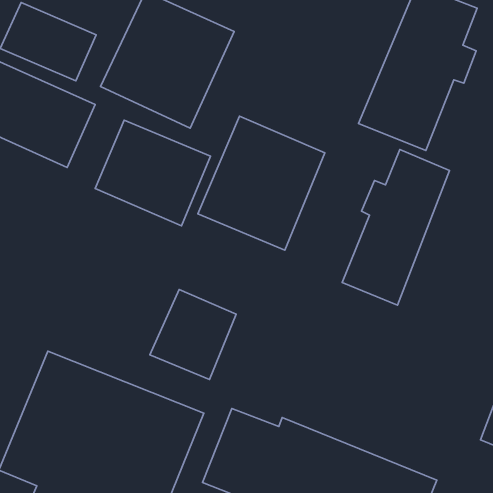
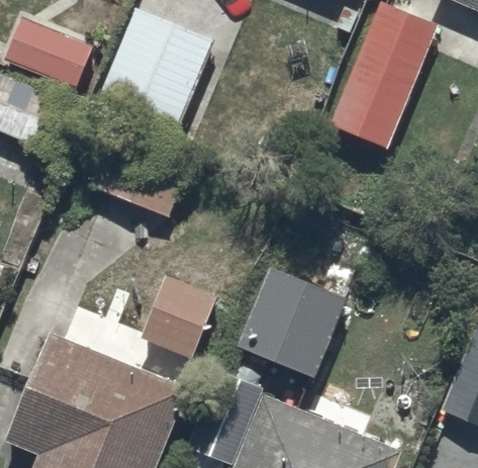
building: [198,116,325,250] -> none
building: [342,150,449,305] -> none
building: none -> [233,265,348,375]

